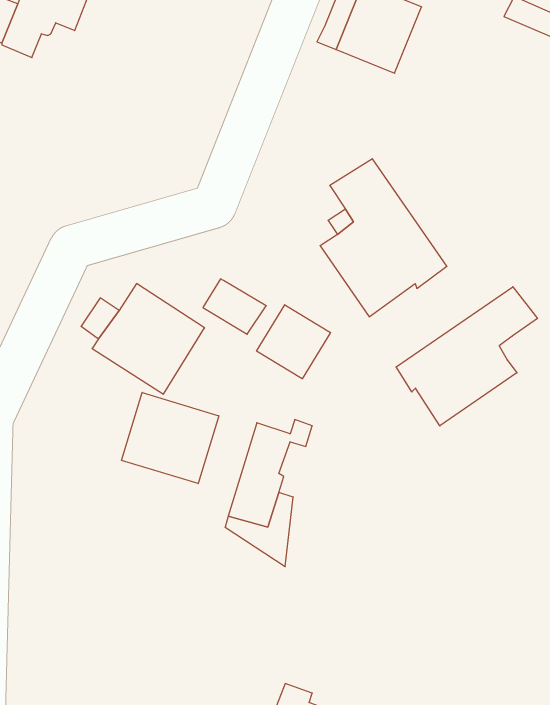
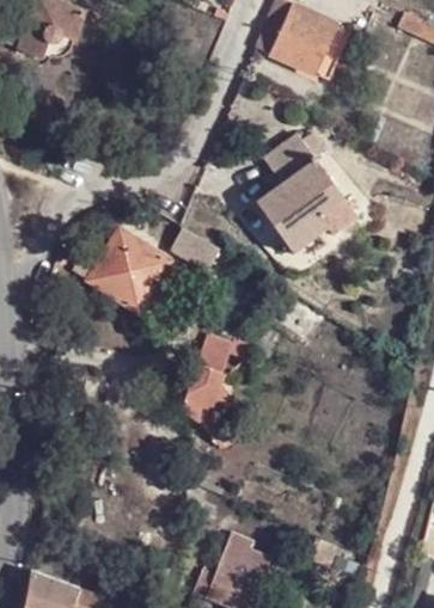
building: [396,287,537,426] -> none
building: [257,305,330,379] -> none
building: [122,392,219,484] -> none

